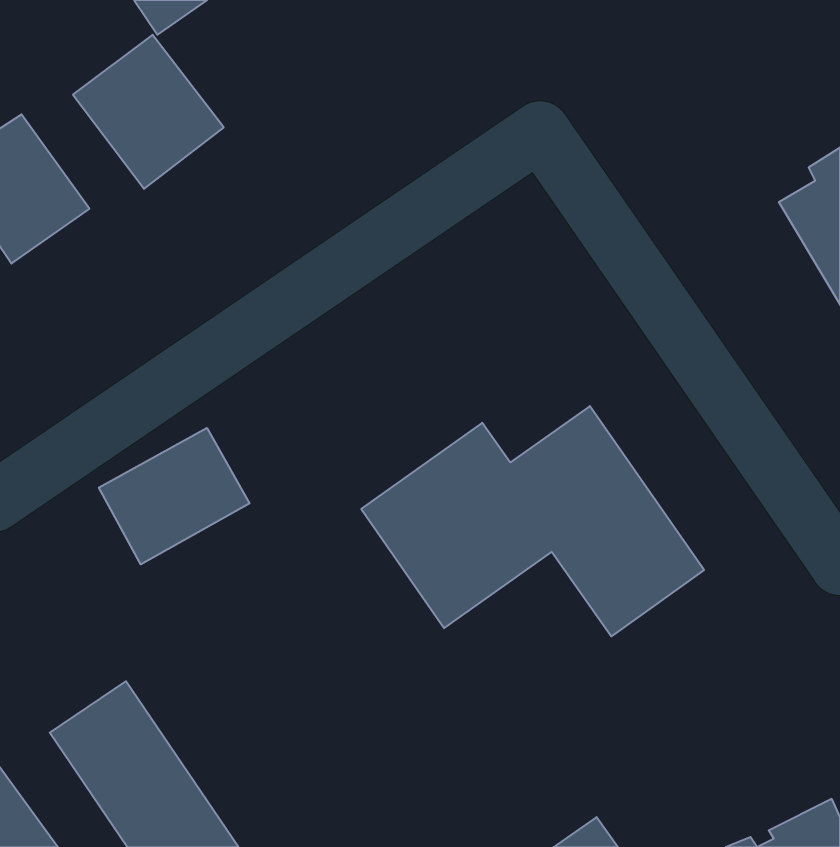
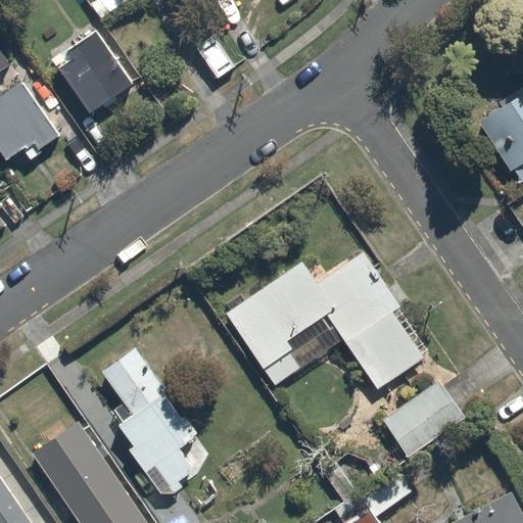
building: [99,428,249,564] -> none
building: none -> [102,347,196,502]
building: none -> [382,382,467,460]

